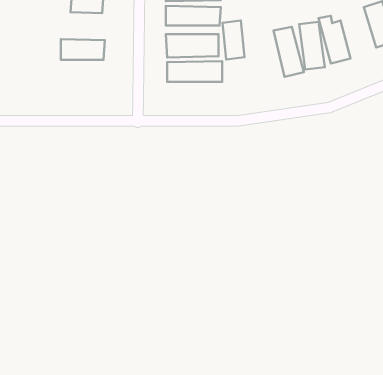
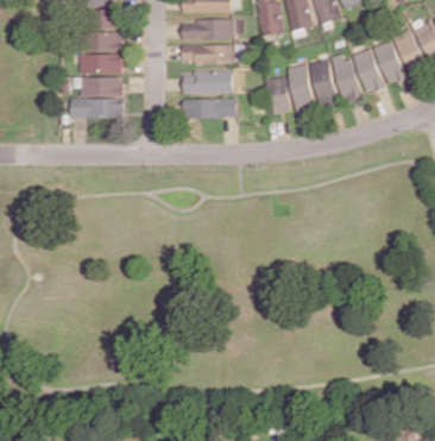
building: none -> [351,48,384,94]
building: none -> [77,53,120,74]
building: [223,20,245,60] -> [267,76,289,114]
building: none -> [68,97,122,119]

